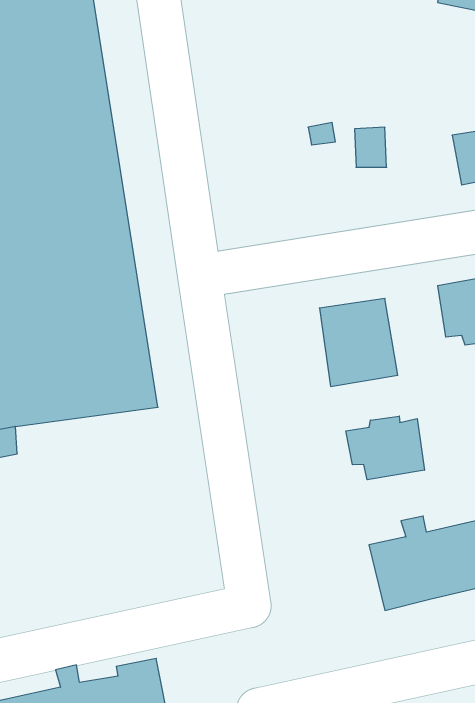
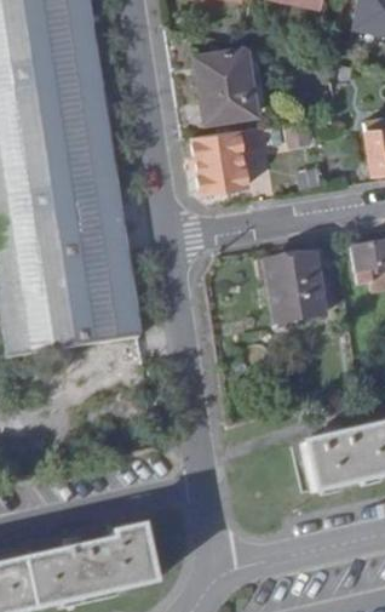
building: none -> [196,47,258,120]
building: none -> [194,126,248,188]
building: [346,416,424,480] -> none

